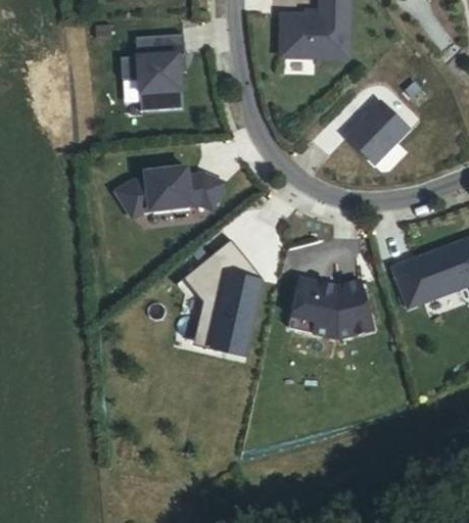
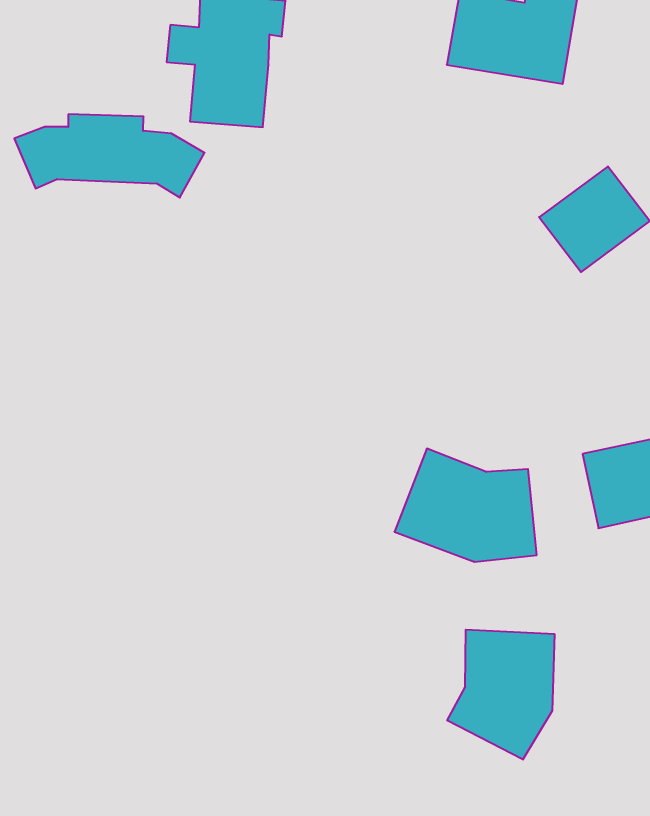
building: [114,167,224,217] -> [14,114,205,198]
building: [182,239,266,350] -> none
building: none -> [447,630,554,760]

